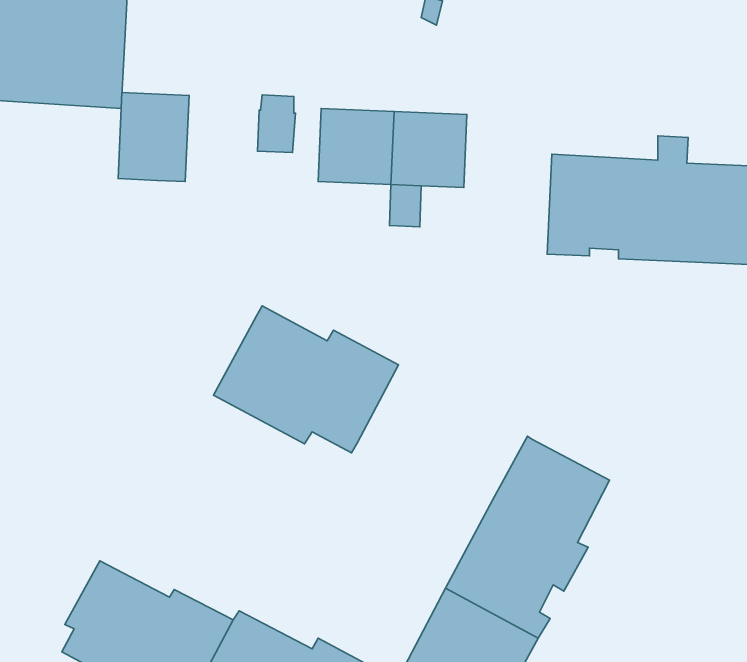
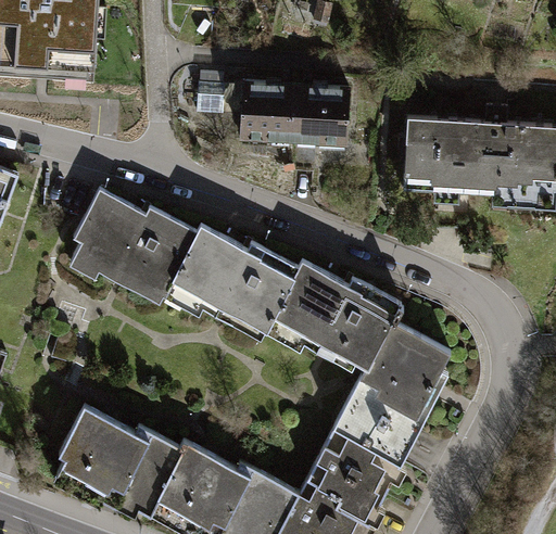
building: [118,93,189,181] -> none
building: none -> [73,189,197,294]
building: none -> [269,260,403,364]

